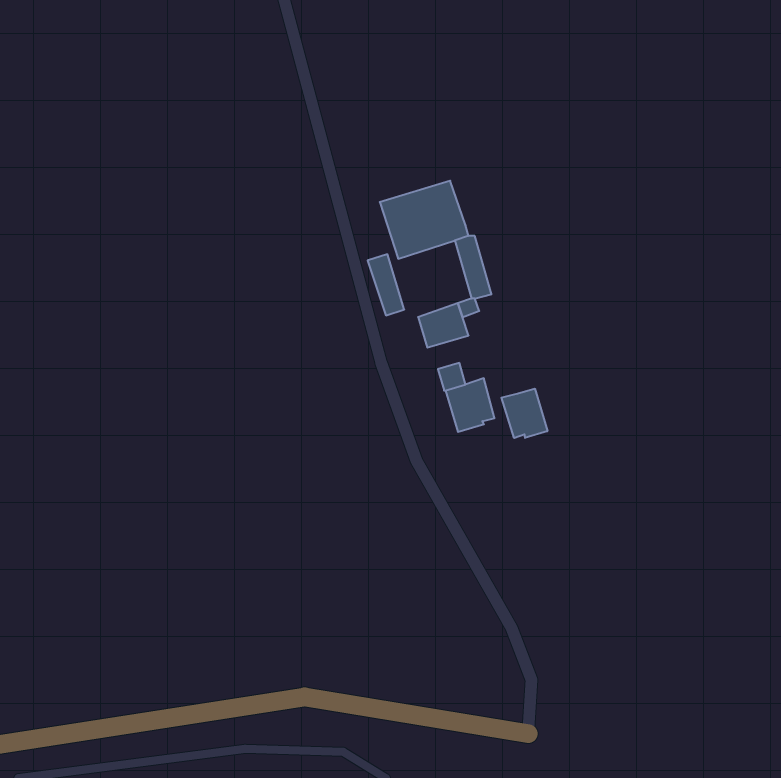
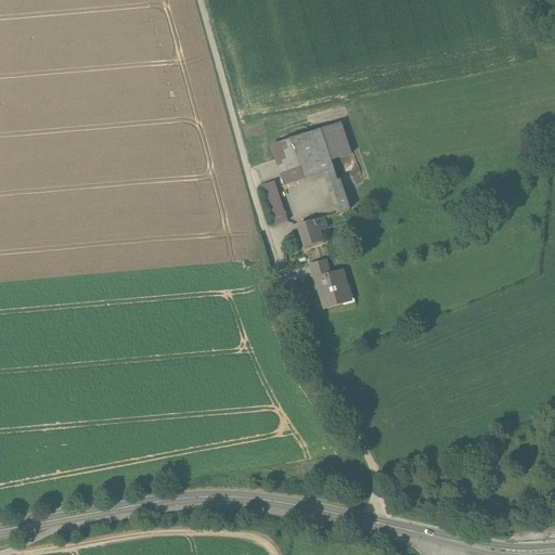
building: none -> [320,120,352,159]
building: [501,389,547,438] -> none

